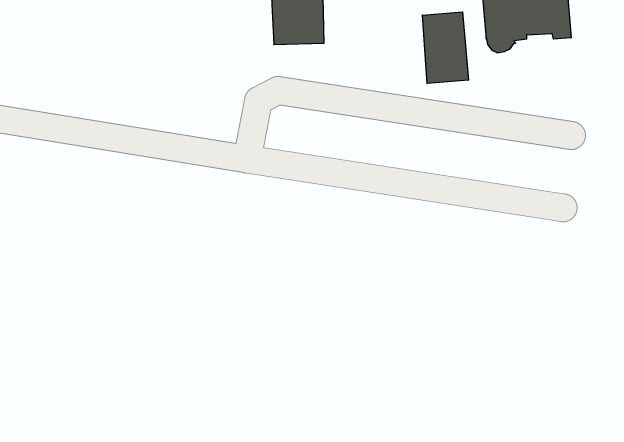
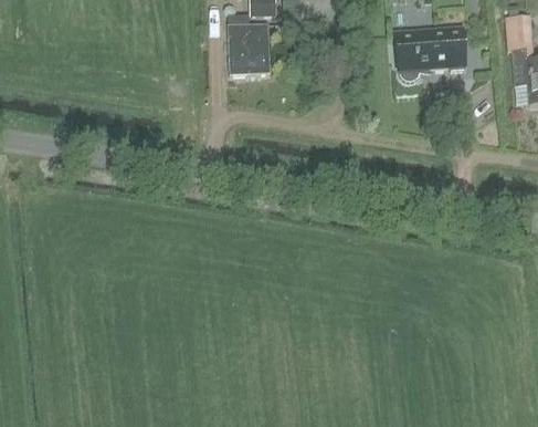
building: [422,12,468,84] -> none

